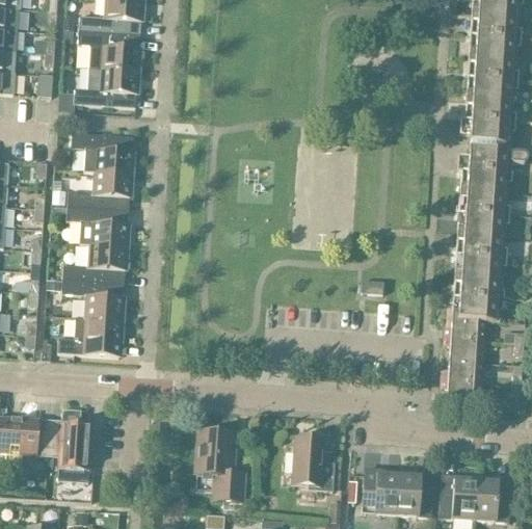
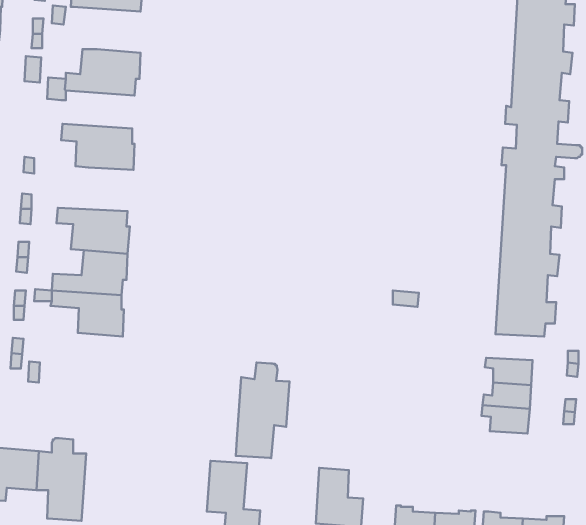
building: [80,29,141,70] -> none
building: [66,170,133,209] -> none
building: [57,316,124,355] -> none
building: [443,317,494,340] -> none
building: none -> [236,363,290,458]

